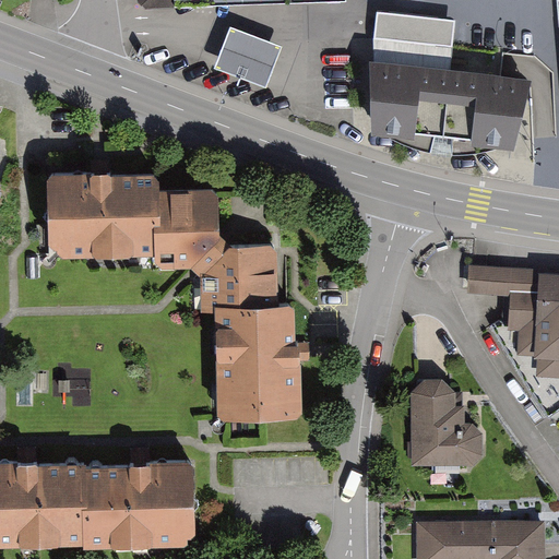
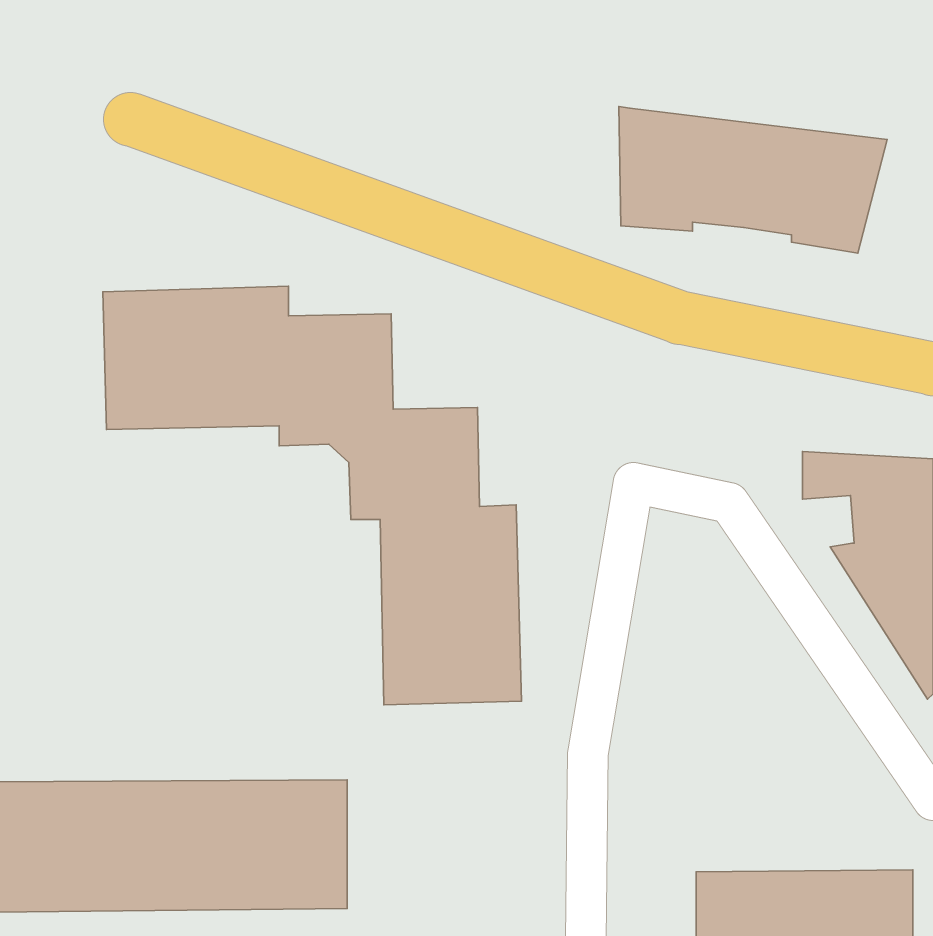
building: [372,15,452,74] -> none
building: [212,28,278,88] -> none
building: [408,374,480,465] -> none

